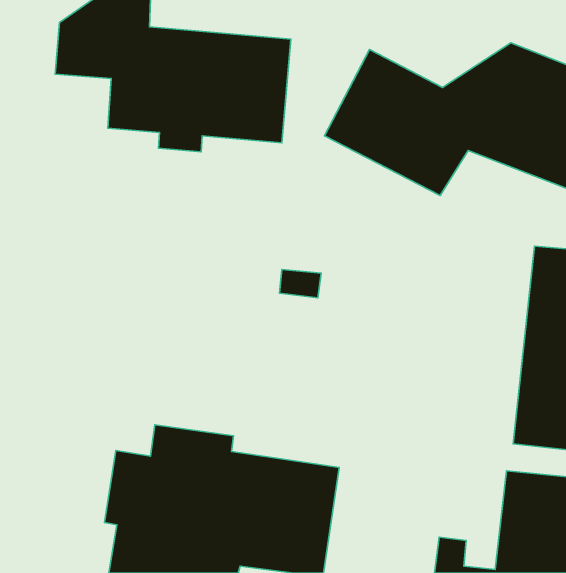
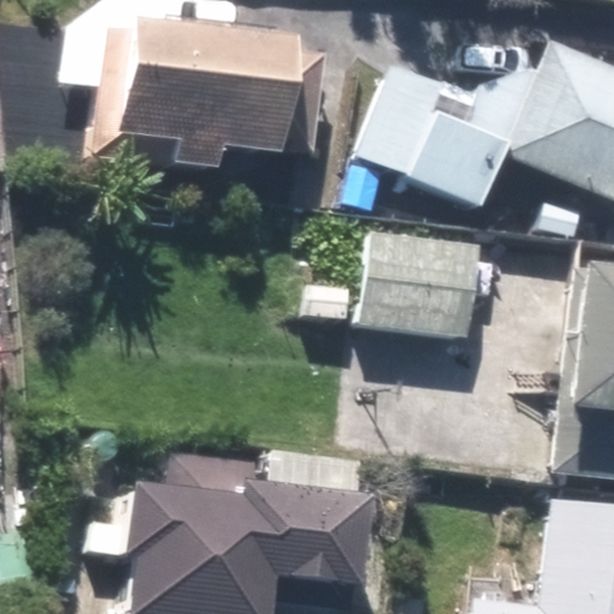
building: none -> [359,236,482,338]

